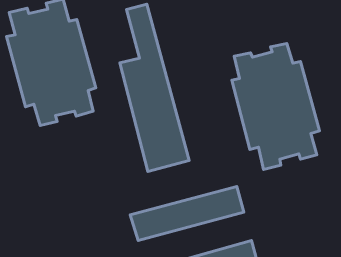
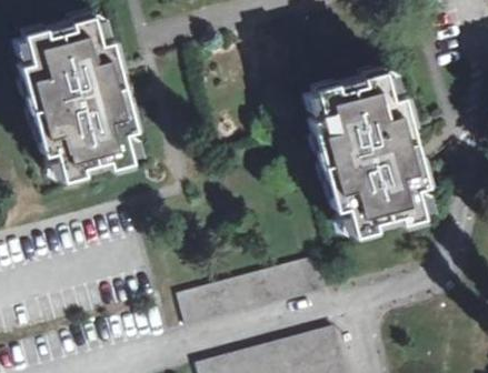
building: [120,4,189,172] -> none

